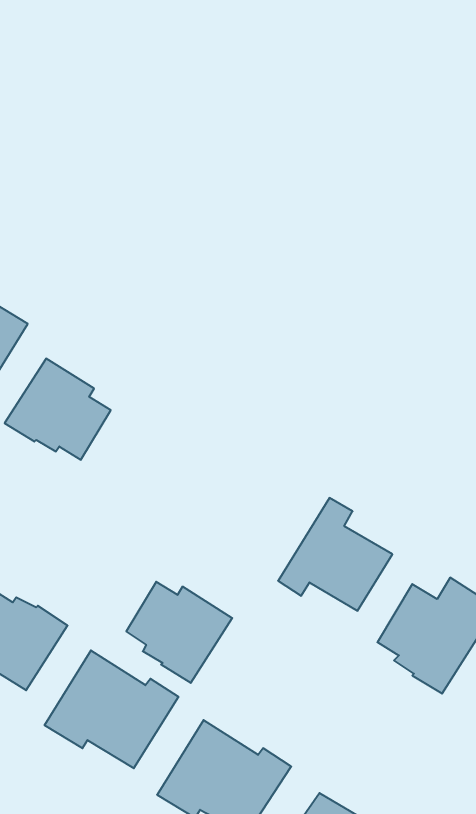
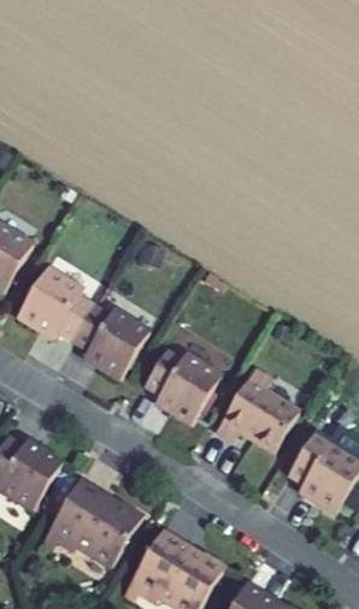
building: none -> [71,306,148,379]
building: [126,582,232,683] -> [143,349,220,422]

